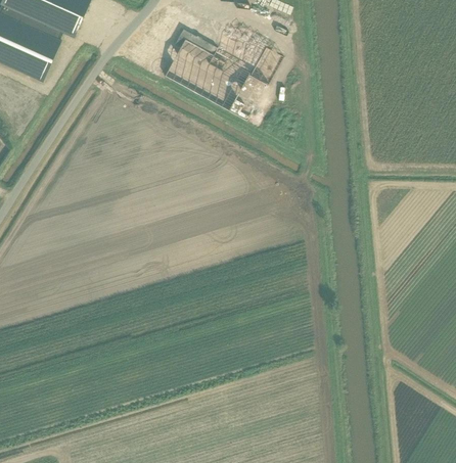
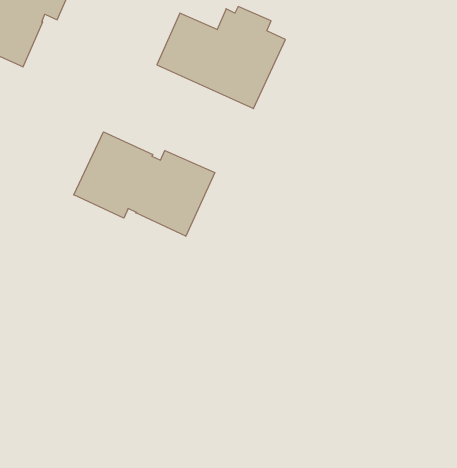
building: none -> [74,132,215,236]

